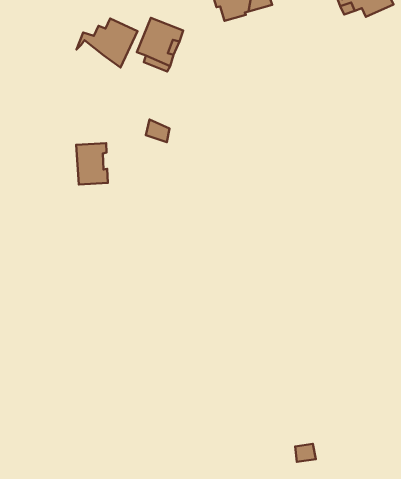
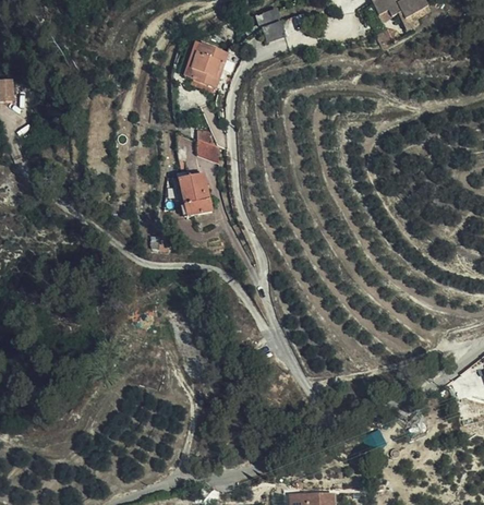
building: [77,18,138,67] -> none
building: [76,143,108,184] -> [178,173,211,215]

